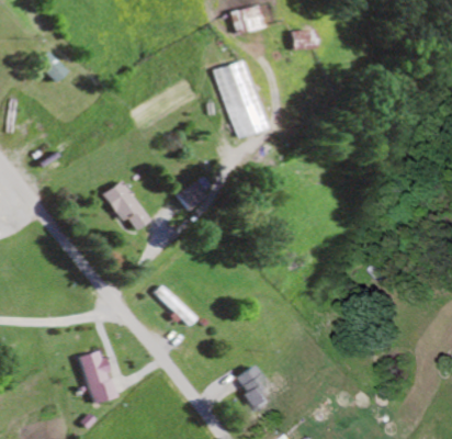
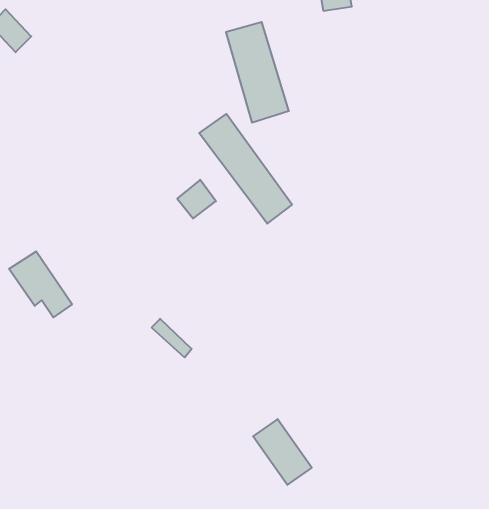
building: none -> [199,114,292,224]
building: [103,180,151,230] -> [9,252,72,317]
building: [82,350,120,404] -> none

